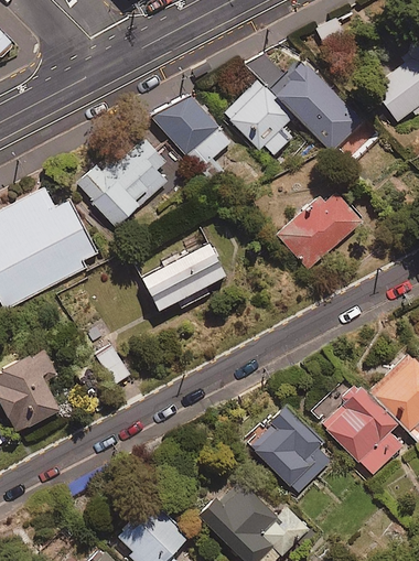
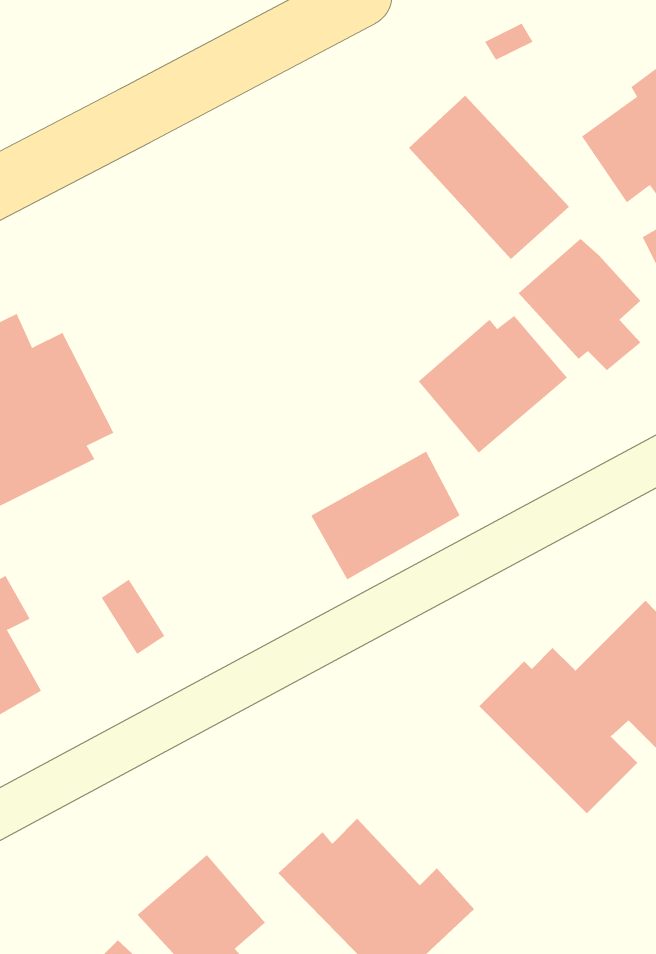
building: [223,79,294,157] -> [518,238,641,371]
building: [155,91,232,165] -> none
building: [73,133,166,224] -> none
building: [138,236,225,311] -> [311,451,461,580]
building: [246,400,332,495] -> none

